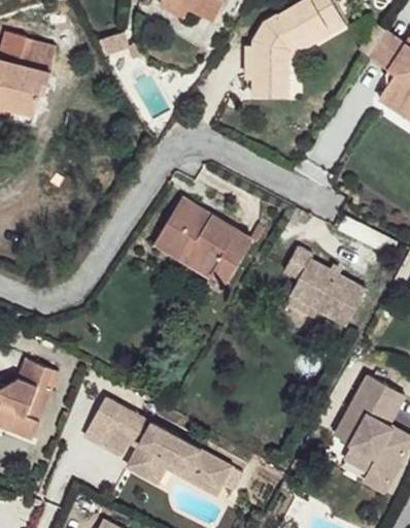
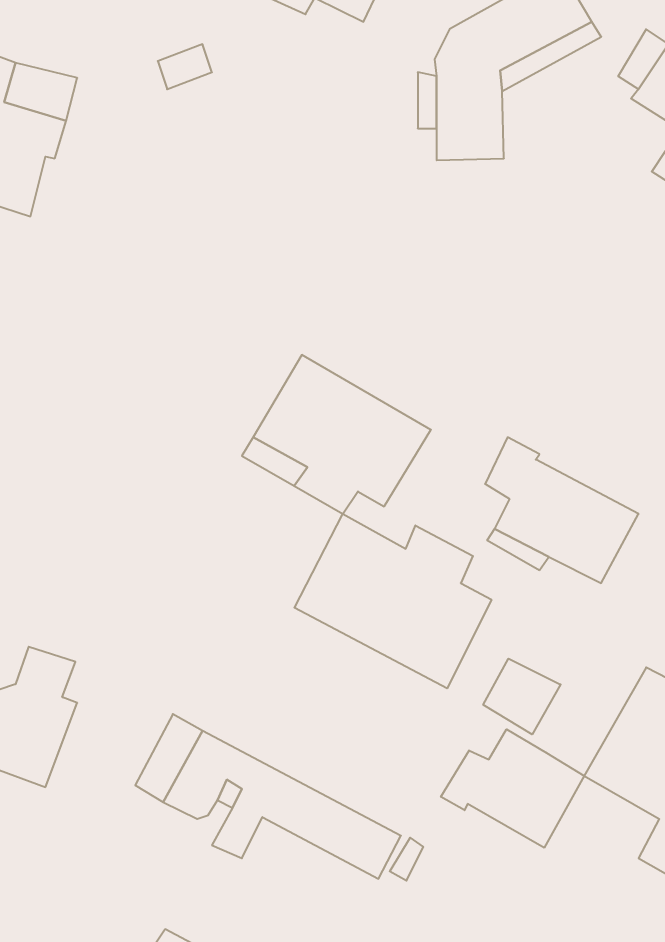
building: none -> [294,514,491,688]
building: none -> [483,659,561,734]
building: none -> [441,729,584,848]
building: [147,456,223,498] -> none

